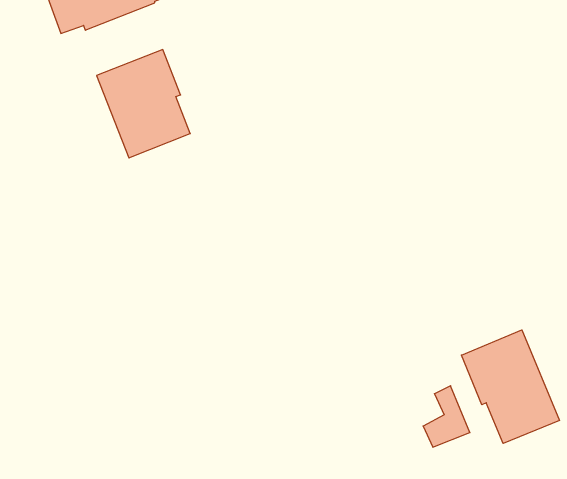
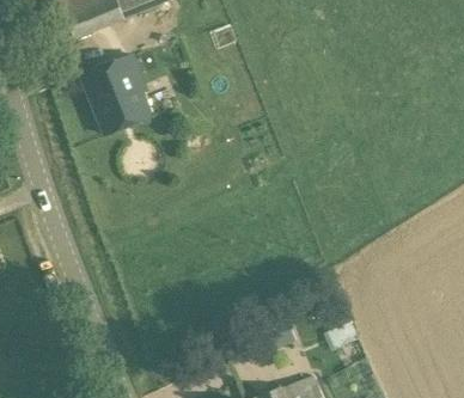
building: [461,330,559,443] -> none

